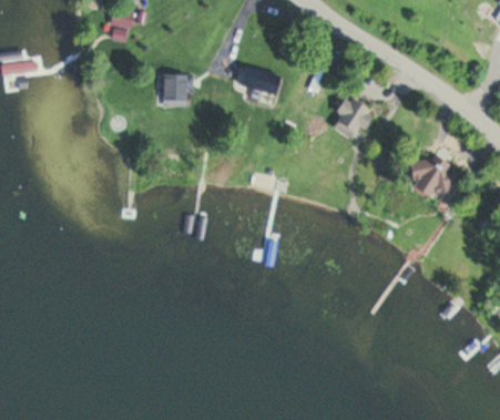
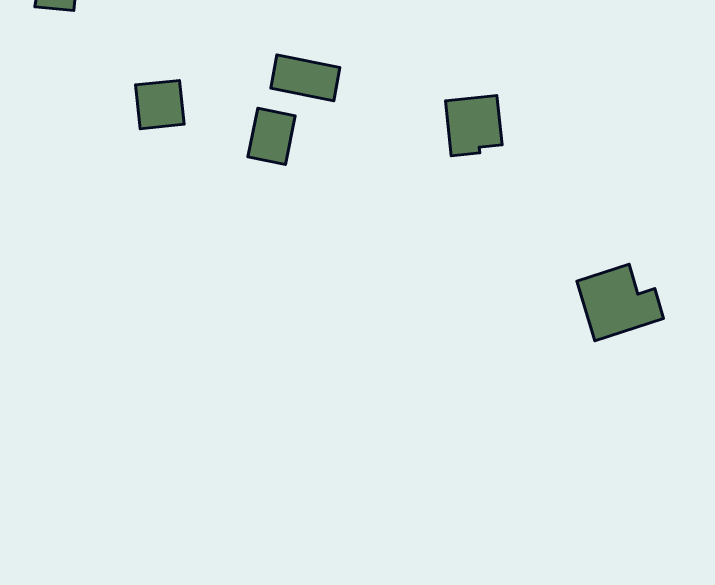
building: none -> [248,108,295,164]
building: [411,157,459,199] -> [577,264,664,341]

